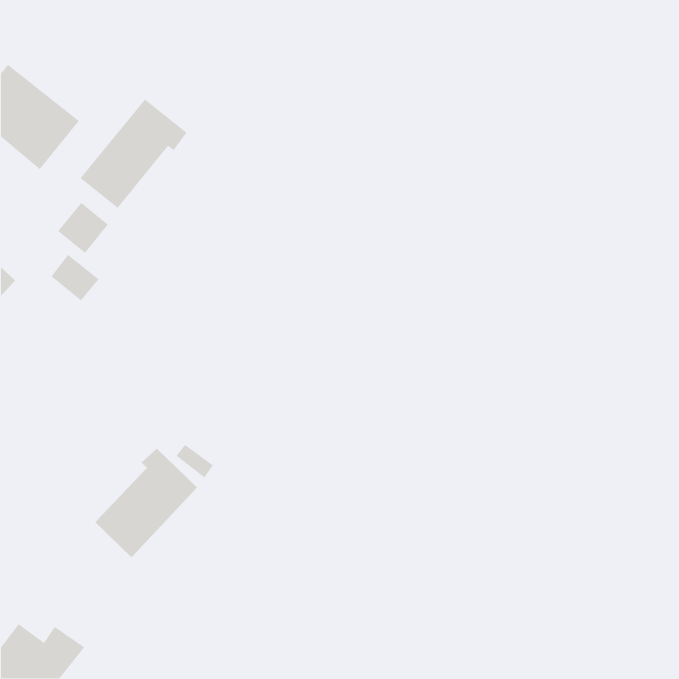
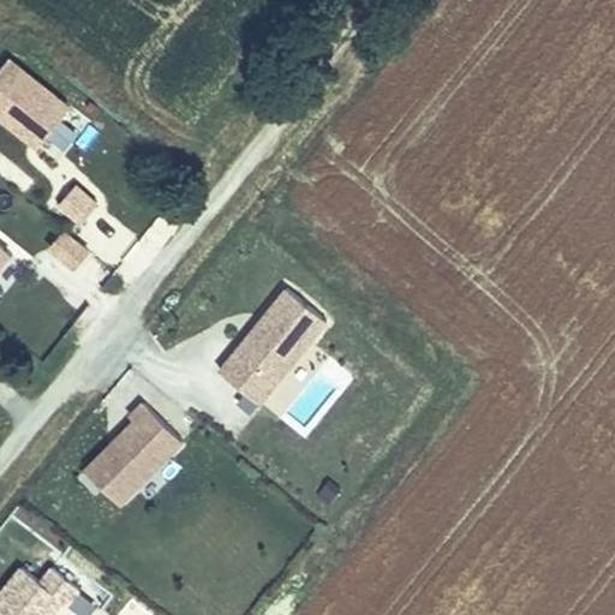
building: [80,98,187,209] -> none
building: none -> [217,291,323,405]

